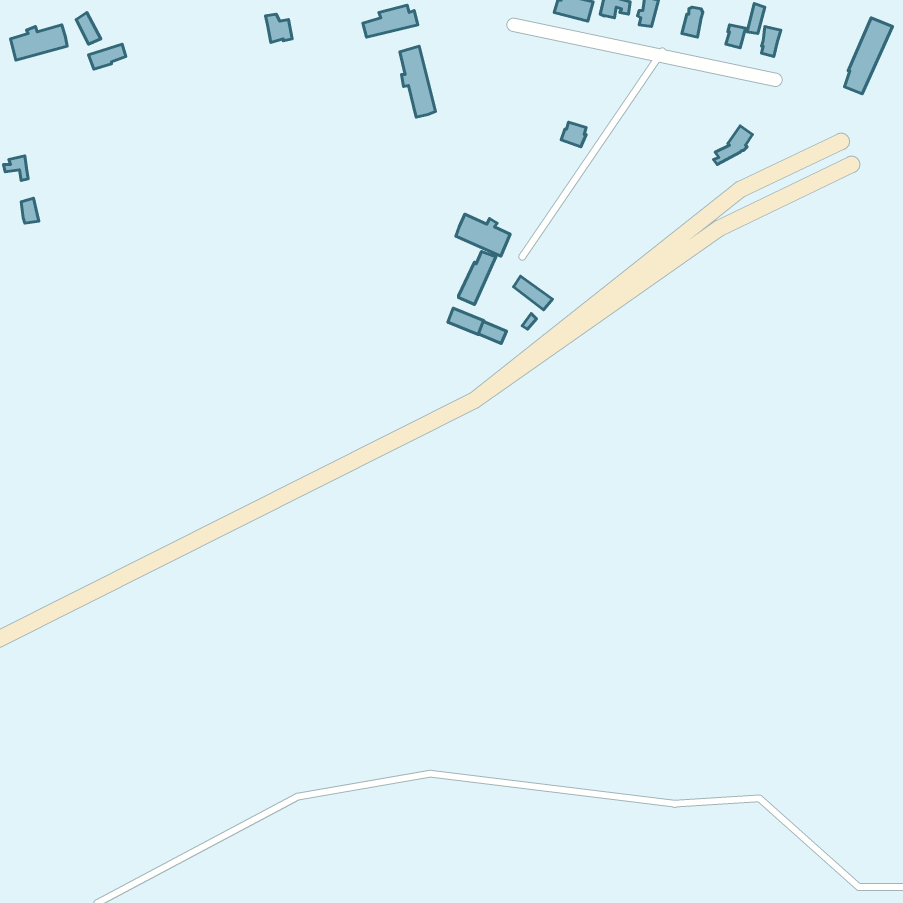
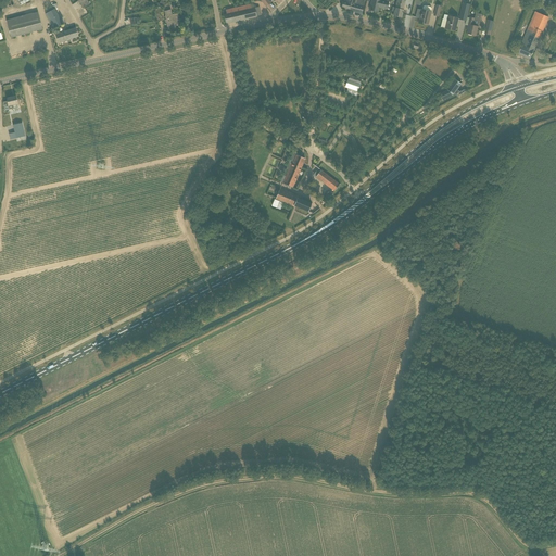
building: [400,46,436,117] -> none
building: [456,214,510,256] -> none

